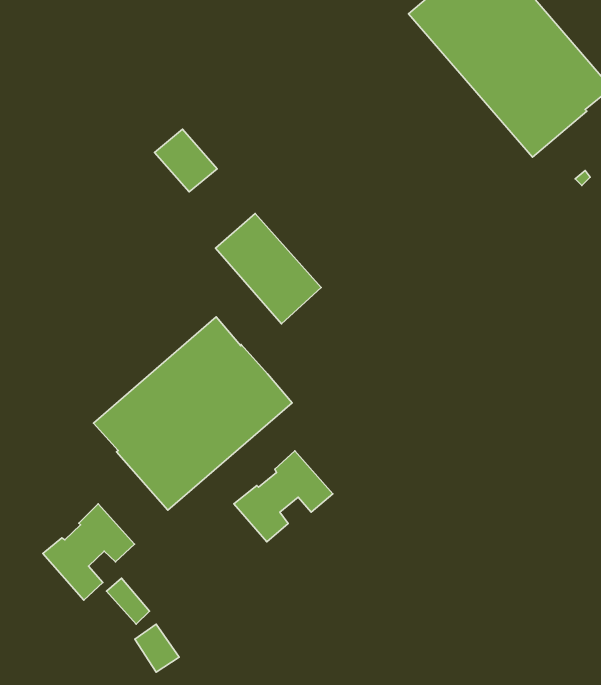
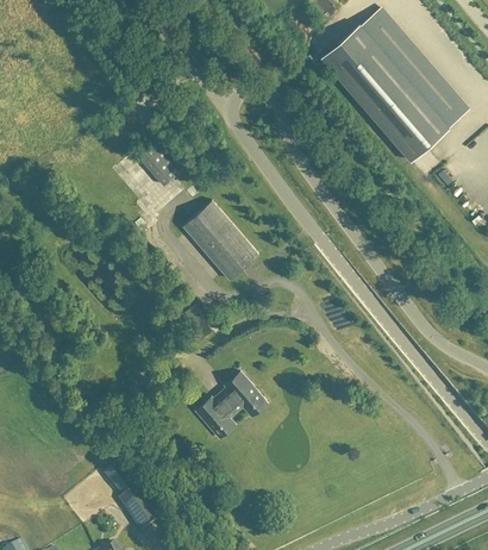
building: [93,317,292,510] -> none
building: [43,504,134,600] -> none

